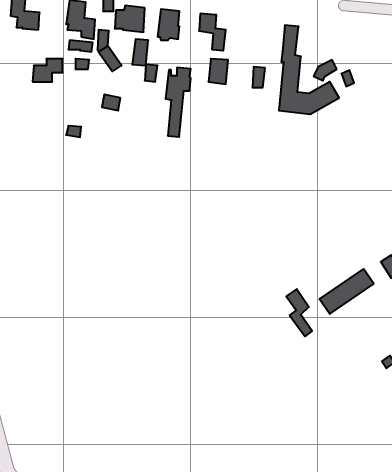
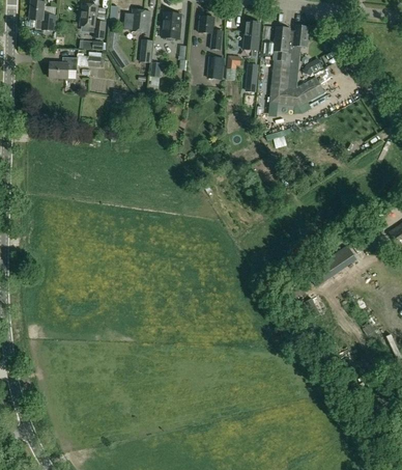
building: none -> [242,21,260,56]
building: [165,68,191,137] -> [285,26,308,88]
building: [286,289,312,336] -> none

